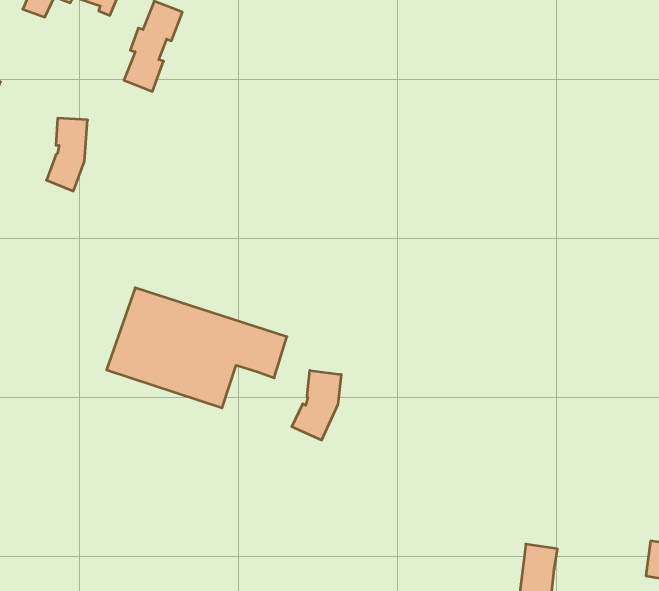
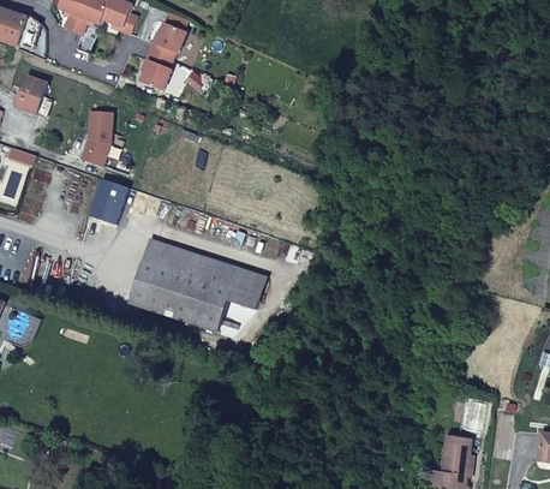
building: none -> [89,178,126,223]
building: [292,370,341,440] -> none

